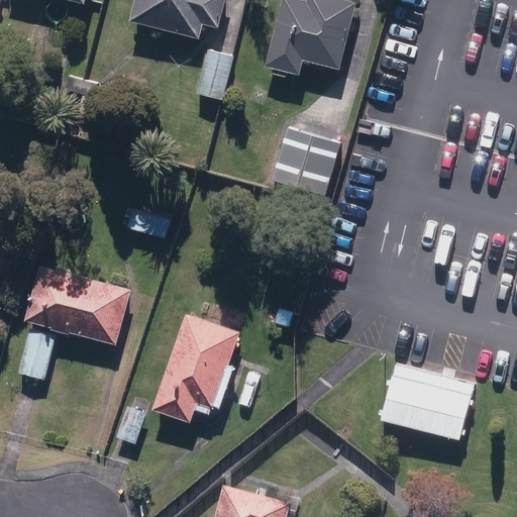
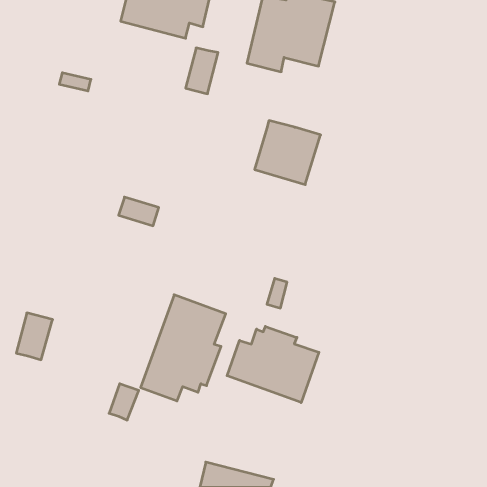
building: [23,266,129,346] -> none
building: none -> [227,326,319,403]
building: [377,360,478,439] -> none

